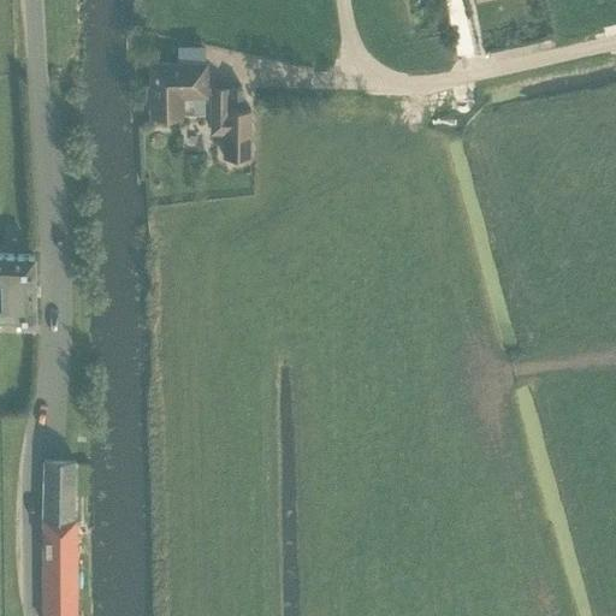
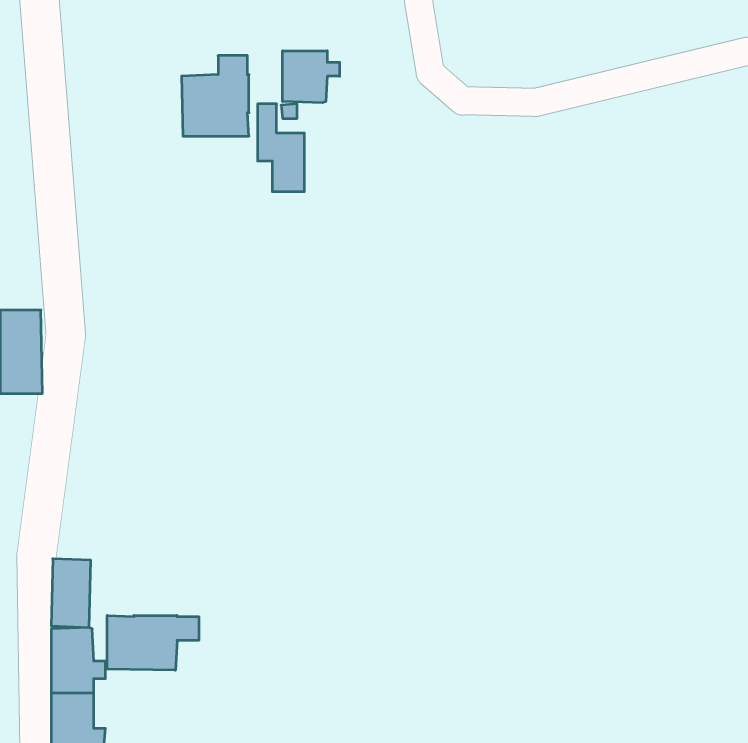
building: none -> [283,51,340,103]
building: none -> [107,615,199,670]

